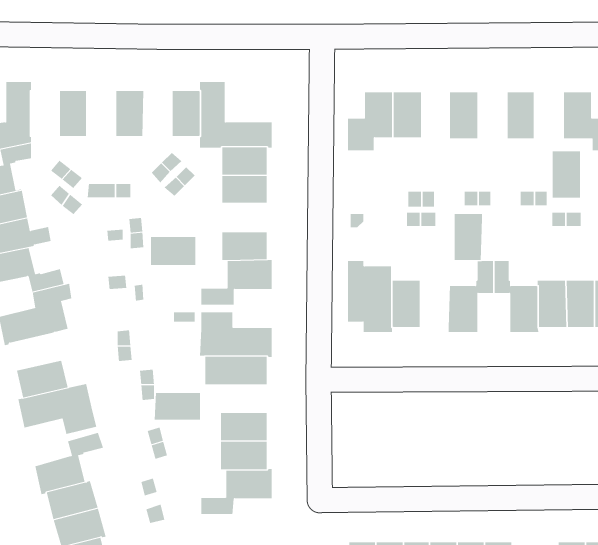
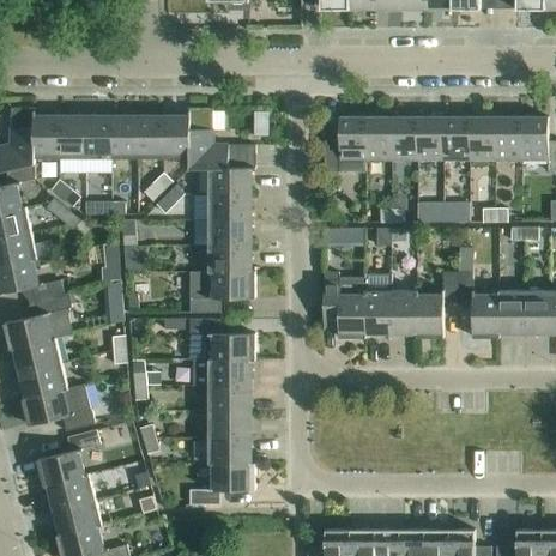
building: none -> [34,116,60,158]
building: none -> [85,116,111,158]
building: none -> [137,116,163,158]
building: none -> [392,117,417,161]
building: none -> [443,117,470,161]
building: [552,151,581,198] -> [495,117,521,161]
building: [454,213,483,260] -> [391,290,417,333]
building: [150,237,196,265] -> [208,219,250,246]
building: none -> [14,338,62,373]
building: [154,393,201,420] -> [207,386,250,411]

